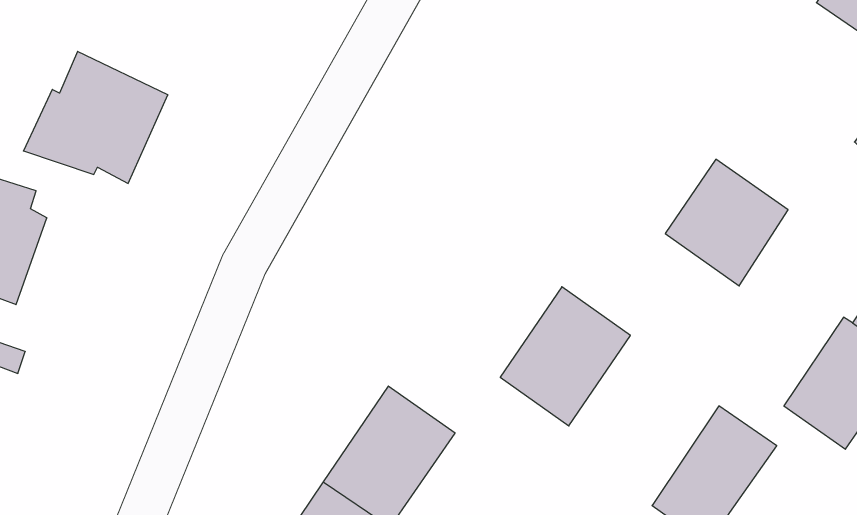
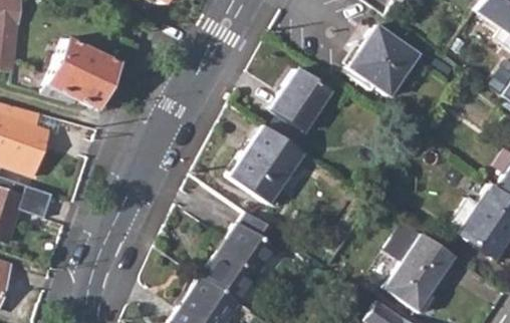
building: none -> [272,66,332,130]
building: [665,159,788,286] -> [349,24,418,94]
building: [500,287,630,426] -> [231,124,303,202]

